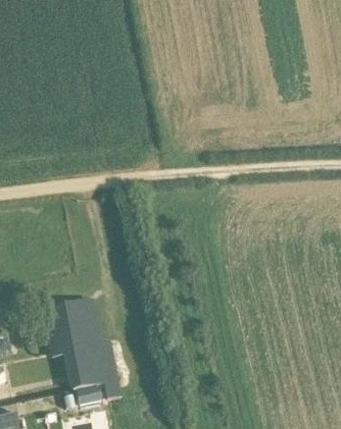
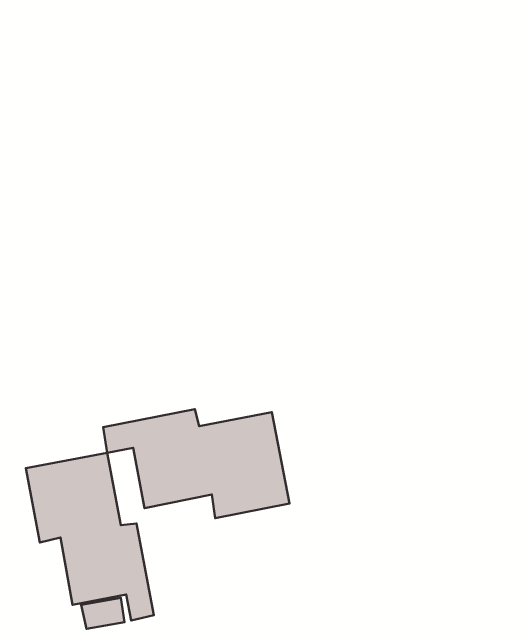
building: none -> [103,409,289,518]

